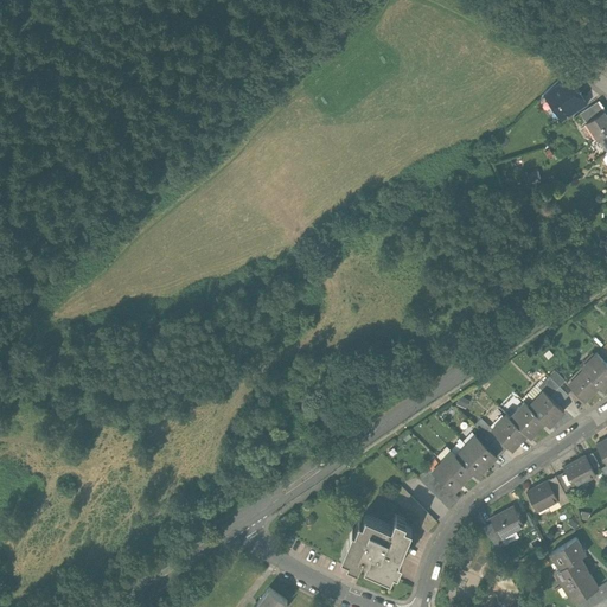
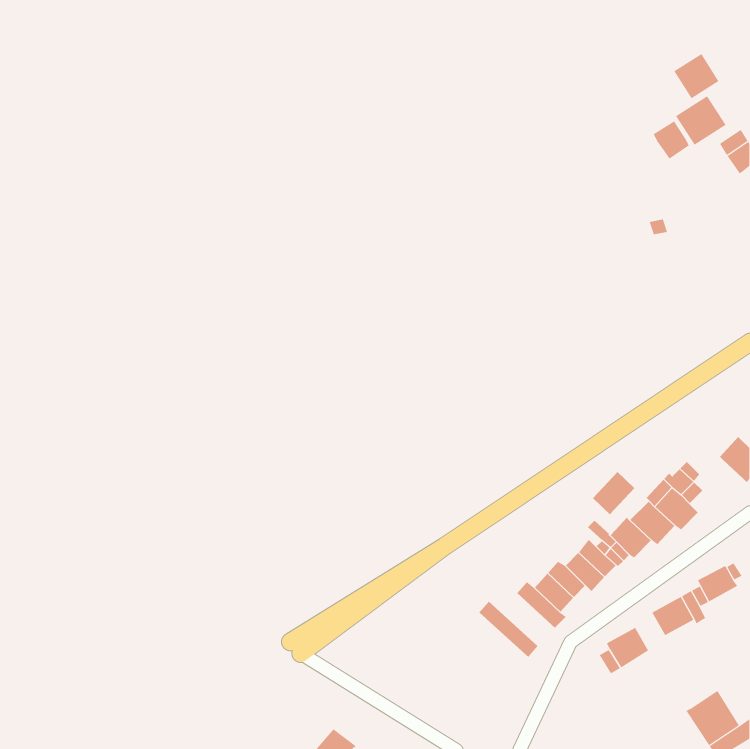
building: none -> [674,53,719,99]
building: none -> [653,120,689,160]
building: [568,372,600,403] -> none
building: none -> [592,471,635,515]
building: [340,515,413,577] -> none
building: [548,538,587,573] -> none

